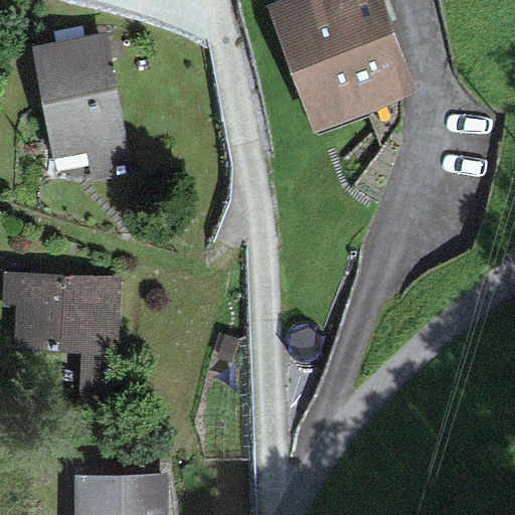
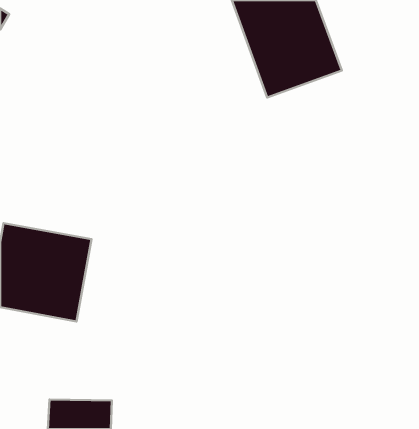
building: [38,36,117,168] -> none

